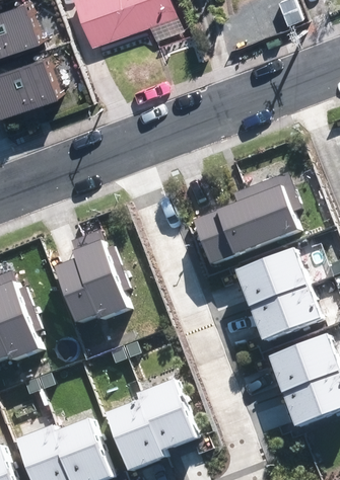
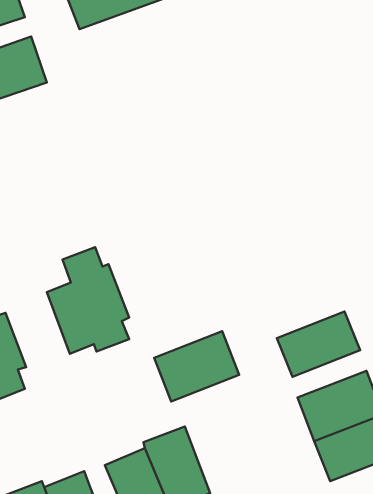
building: [193,173,299,264] -> none
building: [237,248,309,307] -> [154,331,239,401]

